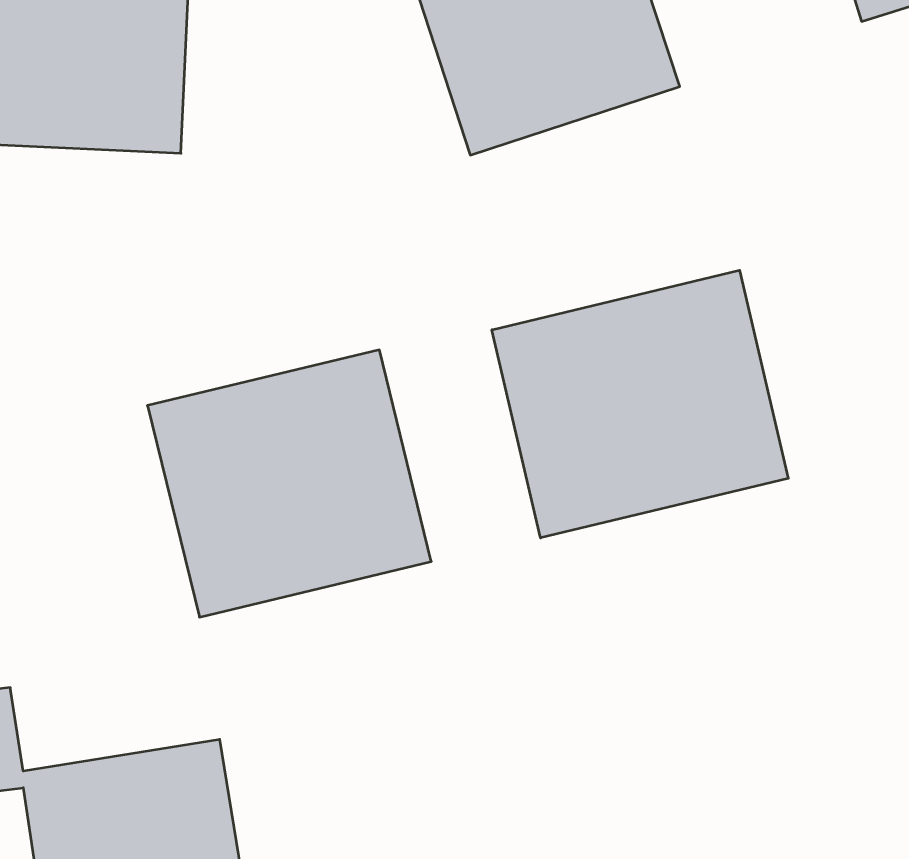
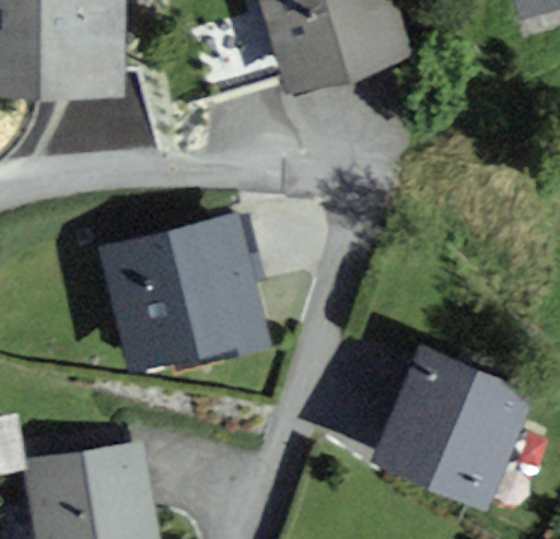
building: [492,270,788,538] -> none
building: none -> [373,343,537,506]

